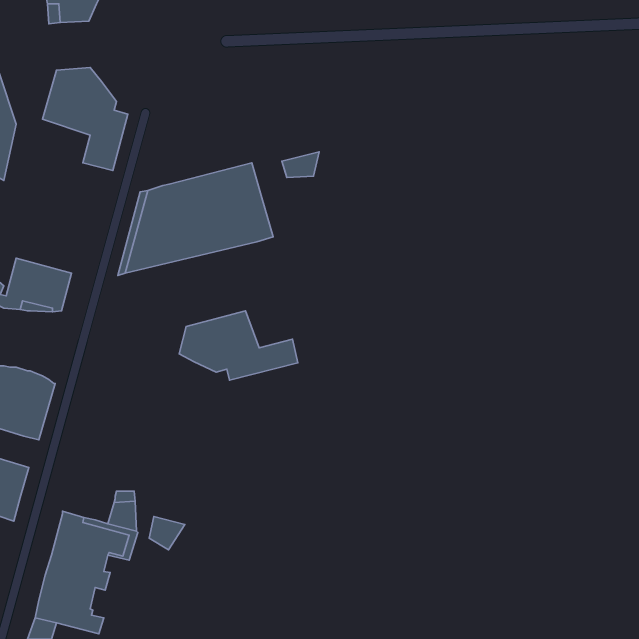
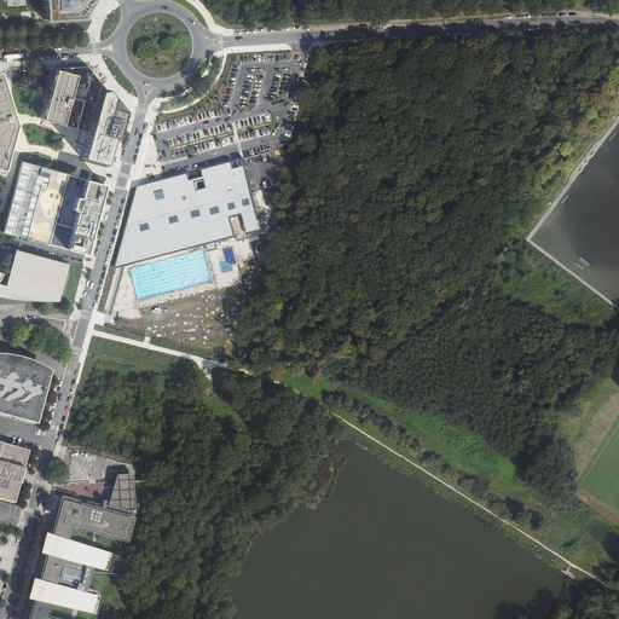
building: [282,152,319,178] -> none
building: none -> [5,162,103,253]
building: [179,311,298,380] -> none
building: [149,516,185,550] -> none

